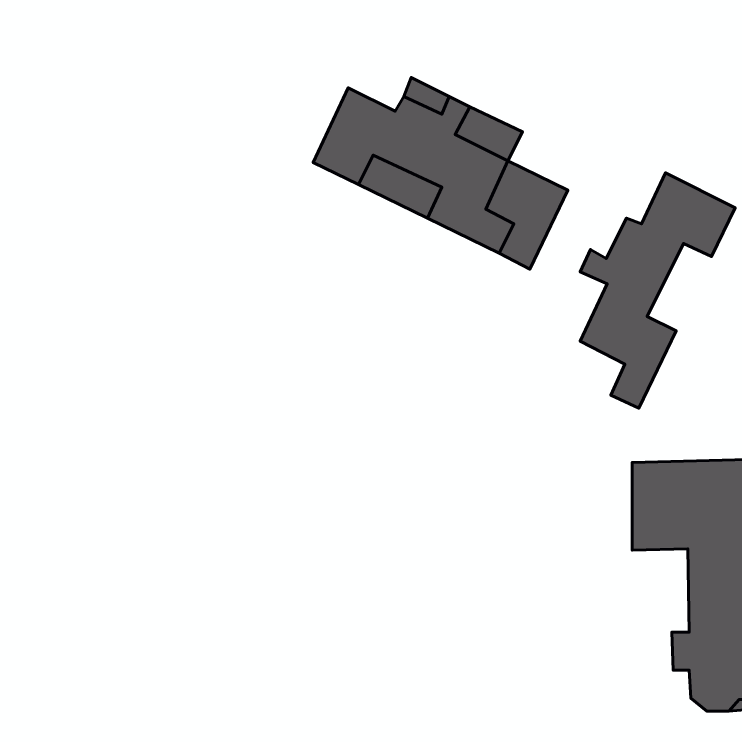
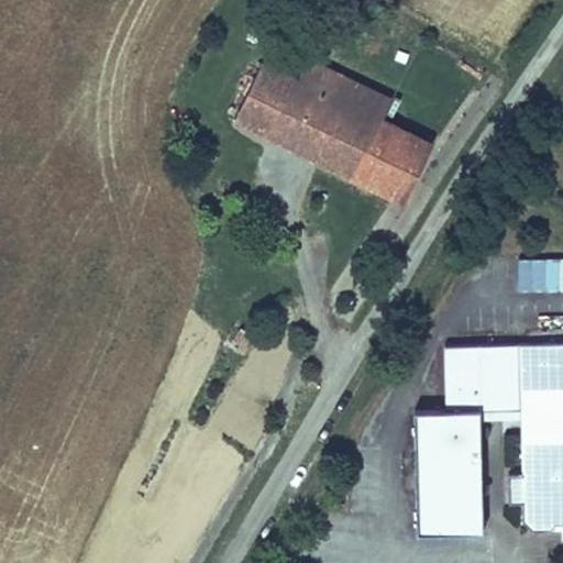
building: [580,173,735,408] -> none
building: none -> [415,347,482,536]

